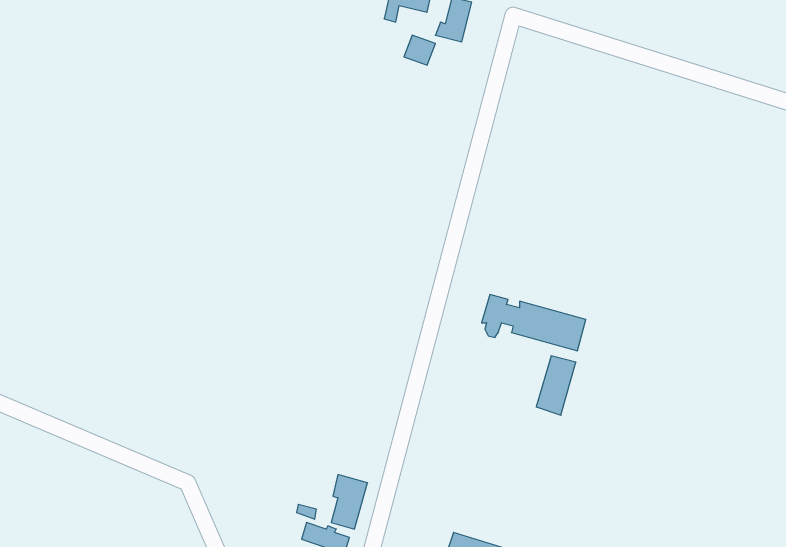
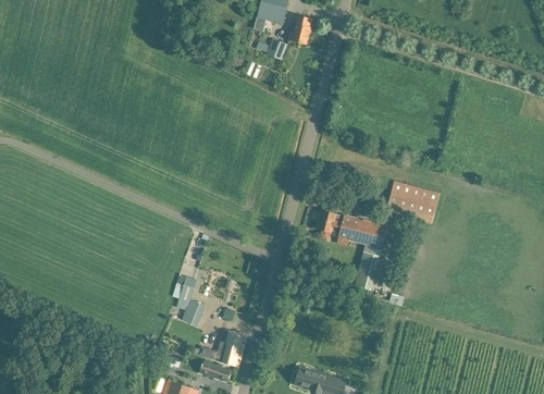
building: none -> [387,181,440,222]
building: none -> [178,275,206,325]

